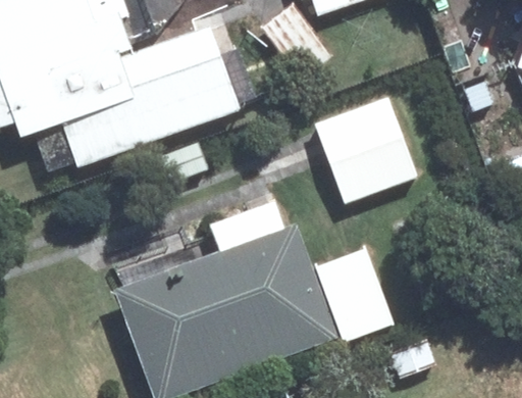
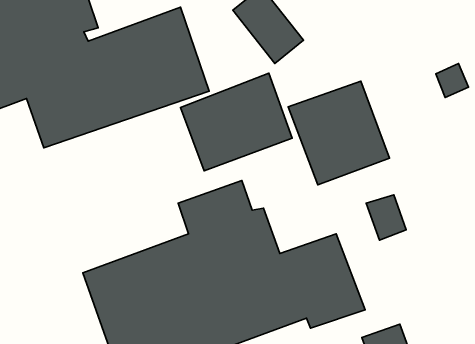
building: none -> [181,73,292,171]

